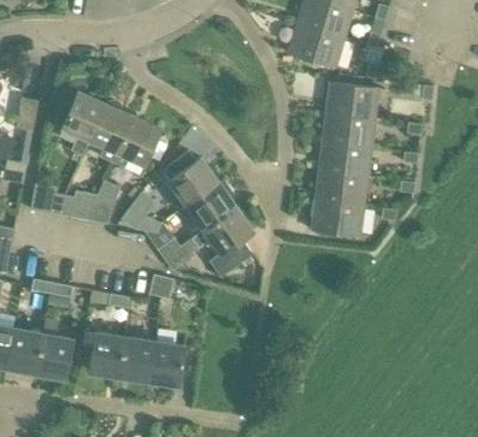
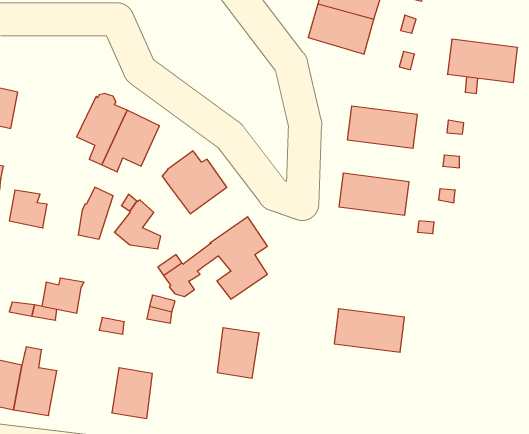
building: [324,82,384,119] -> [447,39,518,83]
building: [60,91,105,158] -> none
building: [317,141,377,177] -> none
building: [185,182,235,230] -> none
building: [59,193,95,223] -> [42,278,84,313]
building: [309,199,370,236] -> [334,309,404,352]
building: [82,332,124,376] -> none
building: [148,342,184,385] -> [217,328,259,378]

